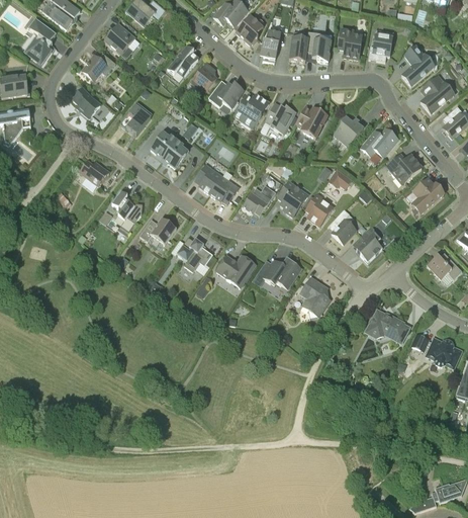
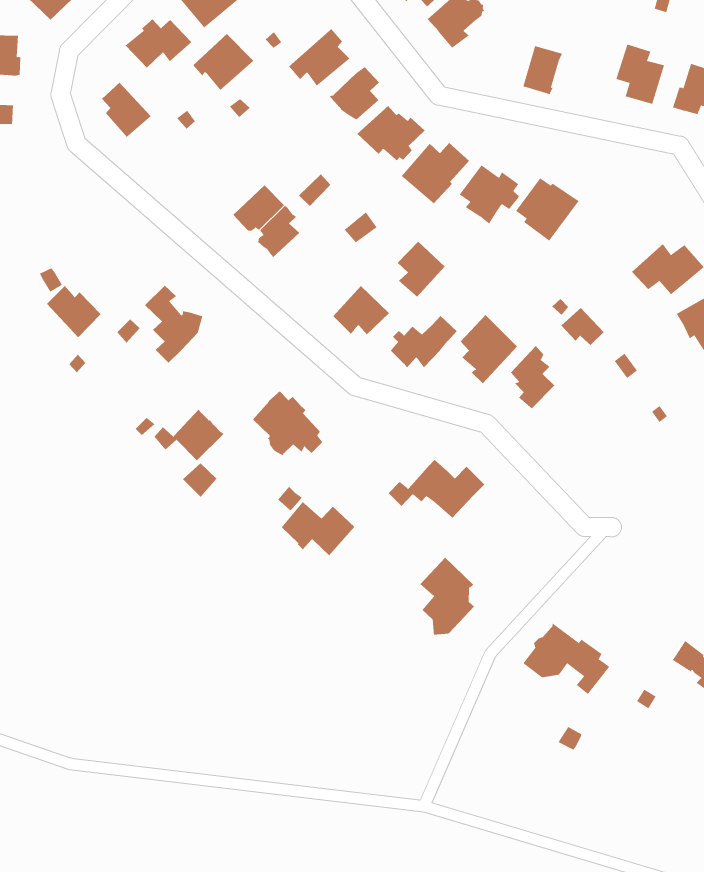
building: [260,26,283,59] -> none
building: [305,33,332,62] -> none
building: [120,104,152,135] -> [193,33,254,91]
building: [334,116,364,147] -> none
building: [80,160,109,186] -> [46,285,102,338]
building: [197,164,222,193] -> [397,241,445,297]
building: [332,208,357,244] -> none
building: [141,217,177,244] -> [153,409,224,461]
building: [357,225,383,262] -> none
building: [217,255,256,281] -> [281,501,355,556]
building: [300,276,331,318] -> [419,557,475,635]
building: [365,309,410,343] -> [522,623,610,695]

